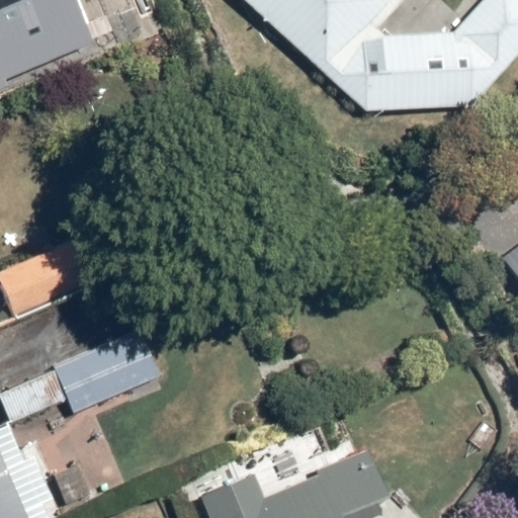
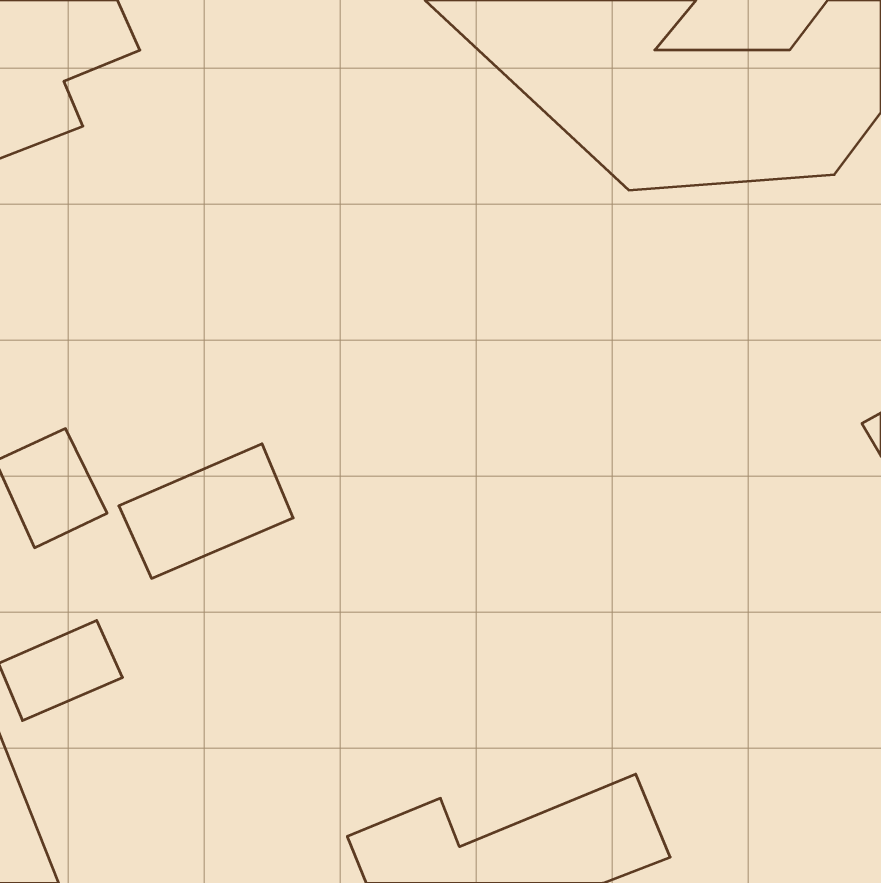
building: [57,327,159,406] -> [119,444,293,578]

